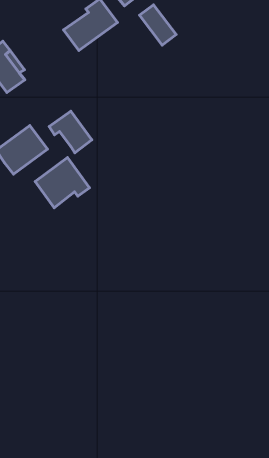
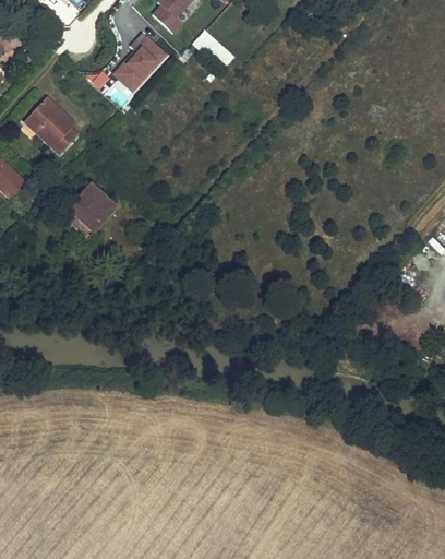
building: [49,111,92,153] -> none
building: [35,157,90,208] -> none

